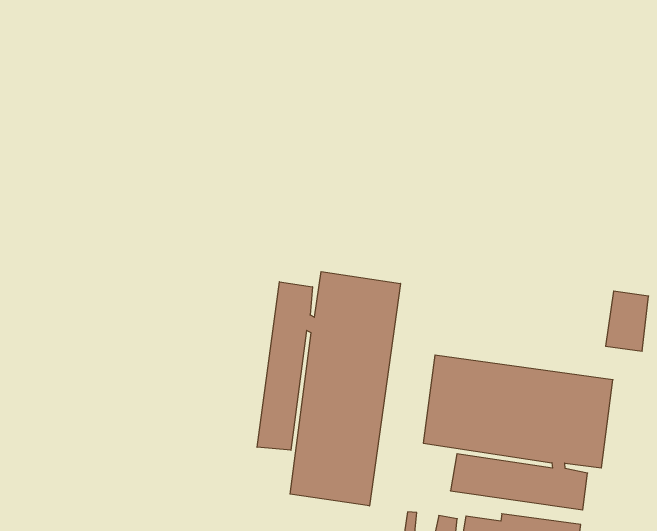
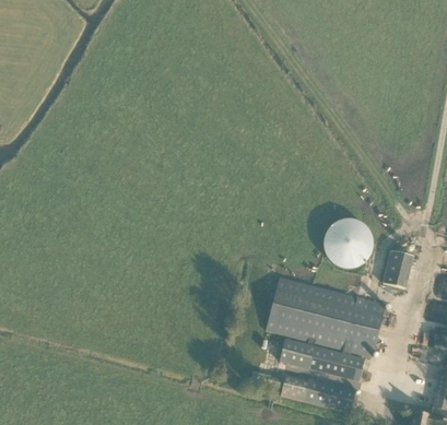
building: none -> [330,219,375,267]
building: [257,272,400,506] -> none

